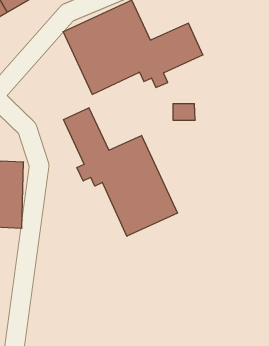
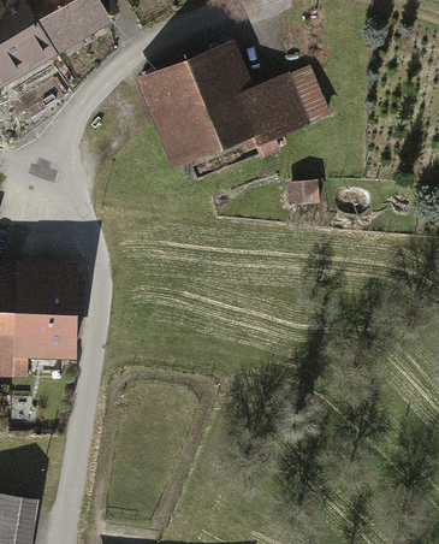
building: [63,108,177,236] -> none

